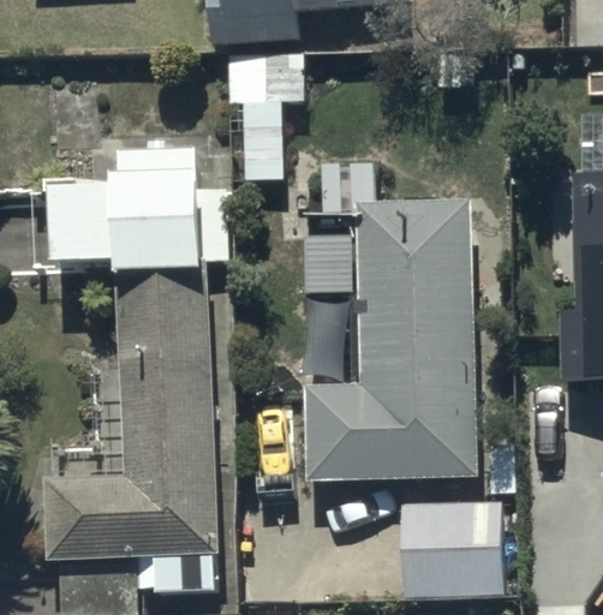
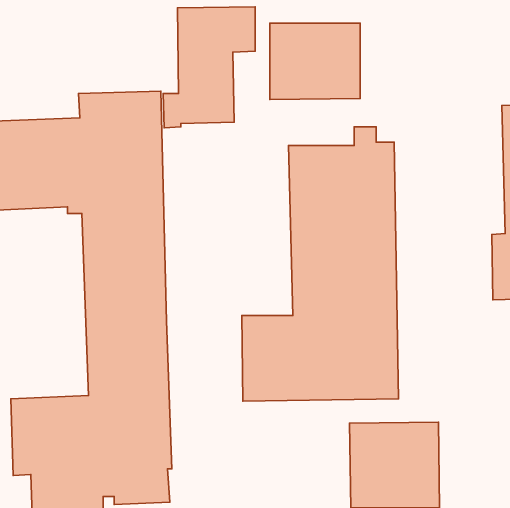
building: none -> [270,23,360,99]

